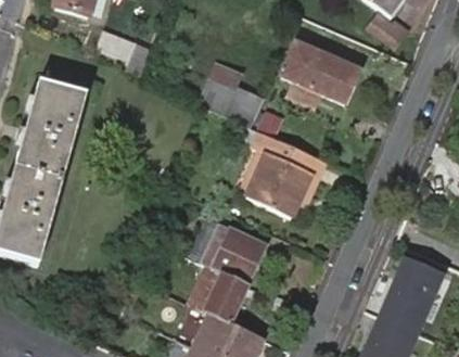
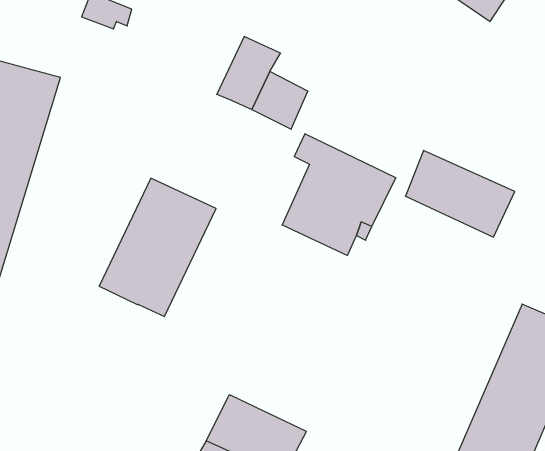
building: [285,40,364,102] -> [405,150,515,237]
building: [180,226,264,324] -> [99,178,216,317]

